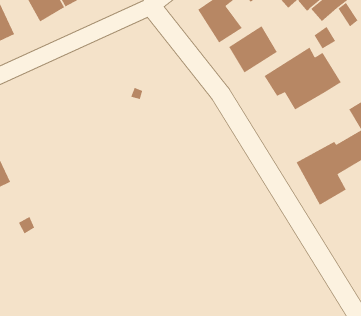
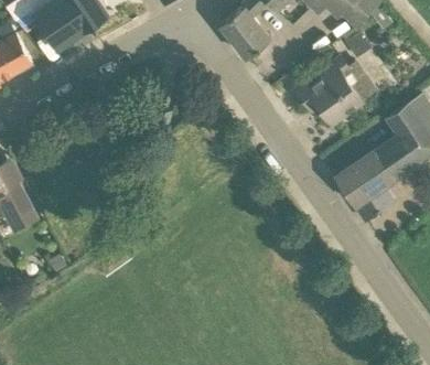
building: [228,25,278,74] -> none

